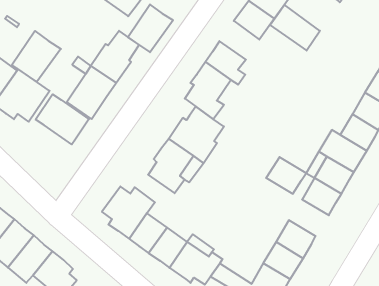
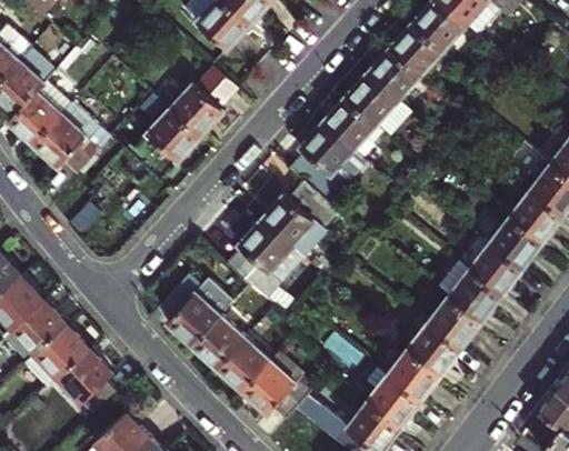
building: [128,4,173,52] -> none
building: [270,5,320,51] -> [346,71,411,136]
building: [12,31,61,82] -> none
building: [36,94,89,144] -> none
building: [266,157,306,194] -> [409,320,463,371]

